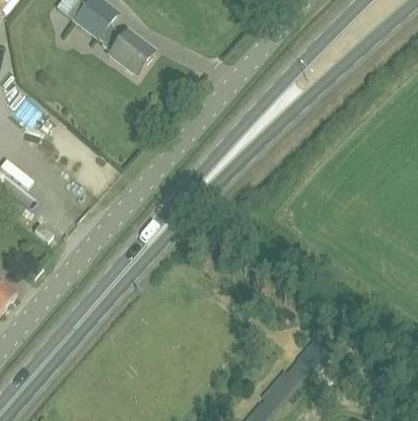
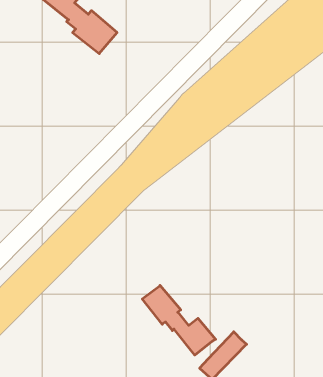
building: none -> [142,285,216,355]

